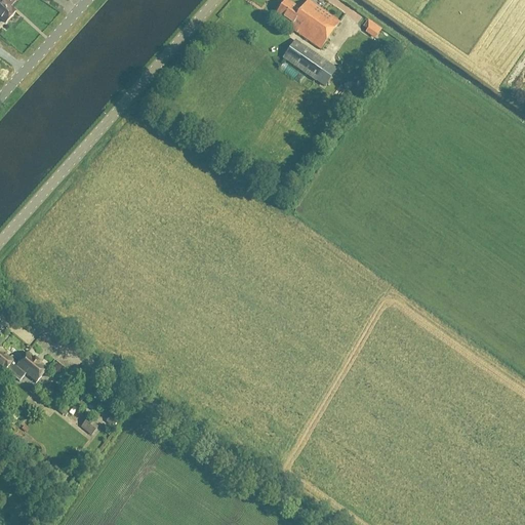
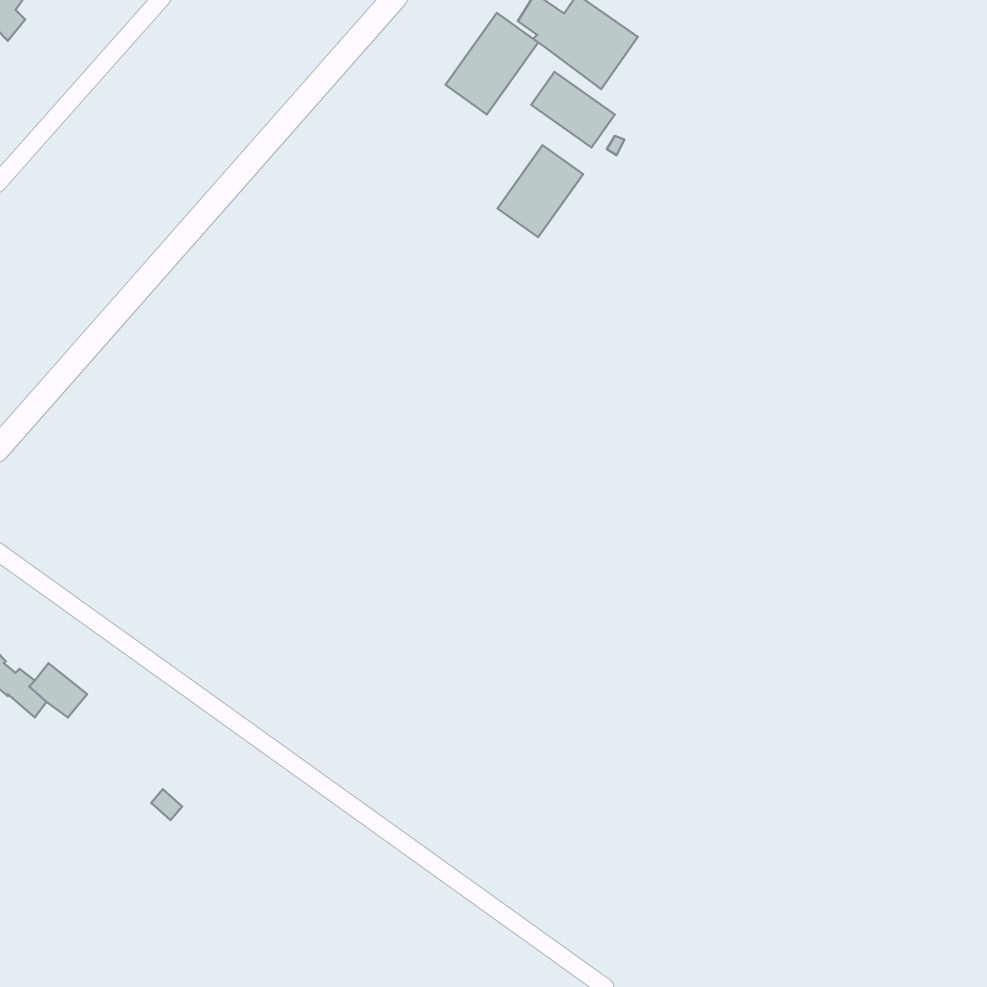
building: none -> [445,13,538,115]
building: none -> [498,145,583,237]

